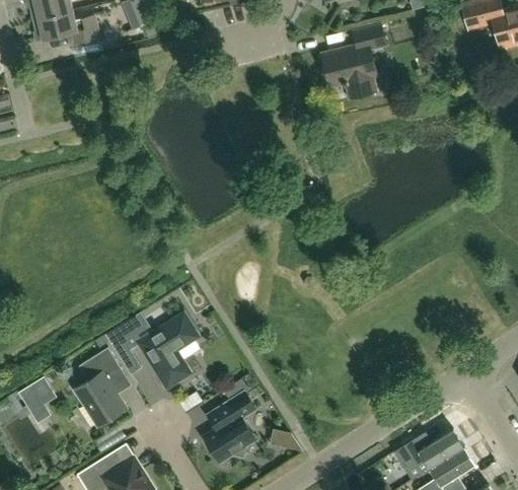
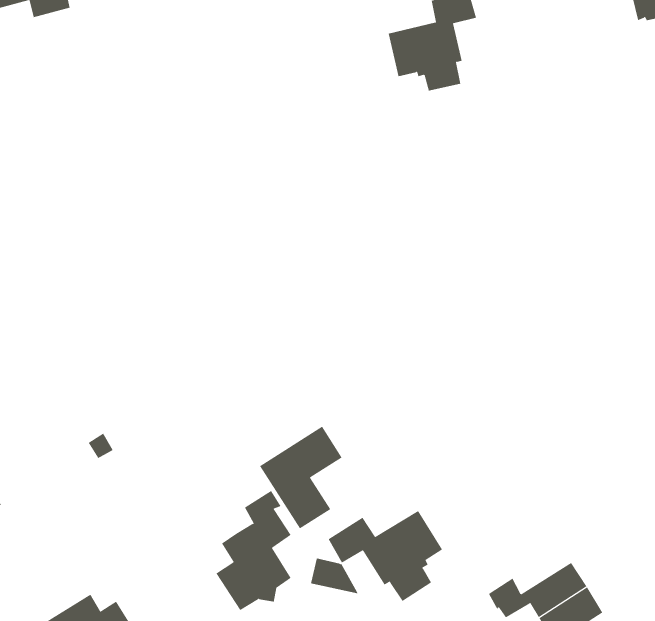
building: [139,314,198,388] -> [259,426,343,529]
building: [75,348,126,426] -> none
building: none -> [328,510,443,602]

